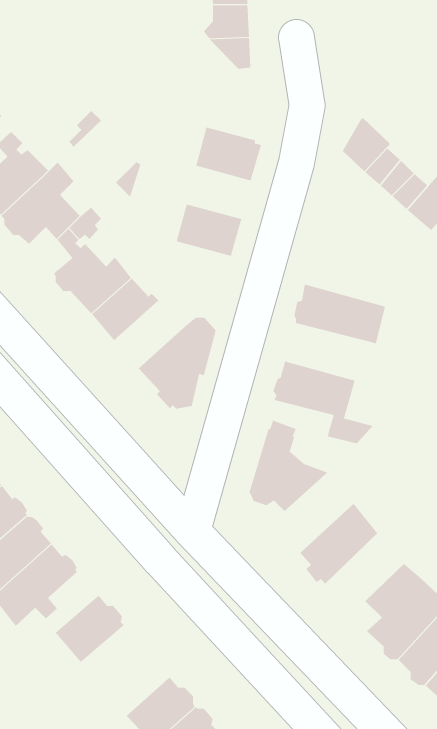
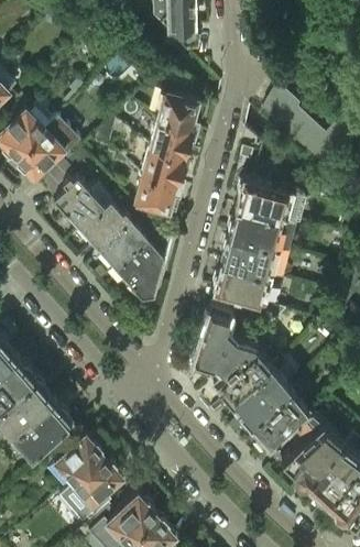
building: none -> [149,122,196,161]
building: none -> [133,177,182,216]
building: none -> [234,180,294,222]
building: none -> [96,220,146,270]
building: none -> [220,237,280,278]
building: none -> [212,346,271,404]
building: none -> [250,384,310,448]
building: none -> [72,457,122,505]

